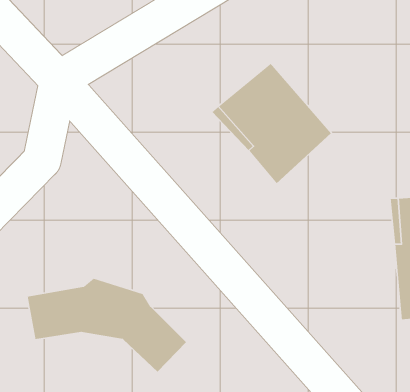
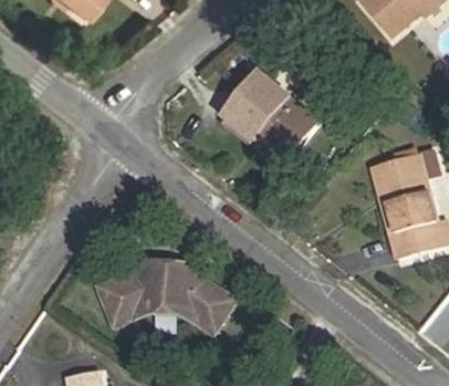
building: none -> [100,271,240,340]

